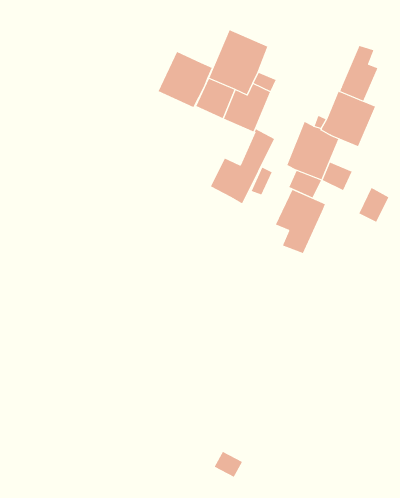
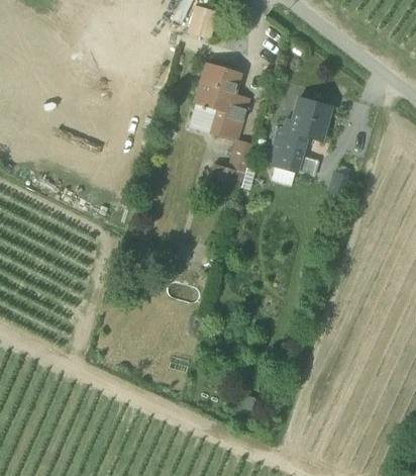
building: [340,45,378,101] -> none
building: [158,51,212,108] -> none
building: [275,189,326,254] -> none

